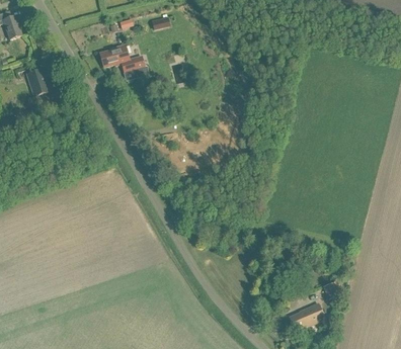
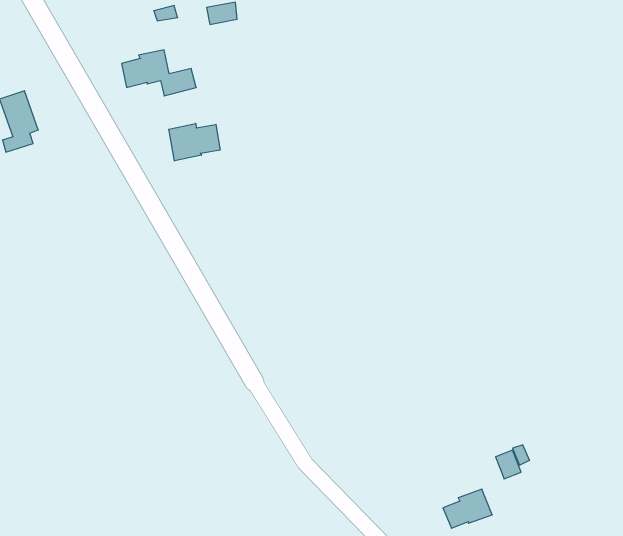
building: none -> [169,123,220,161]

